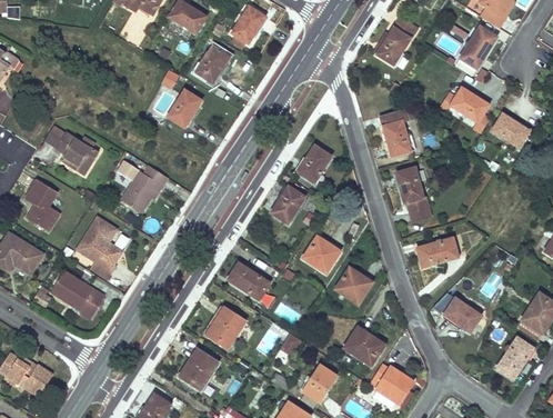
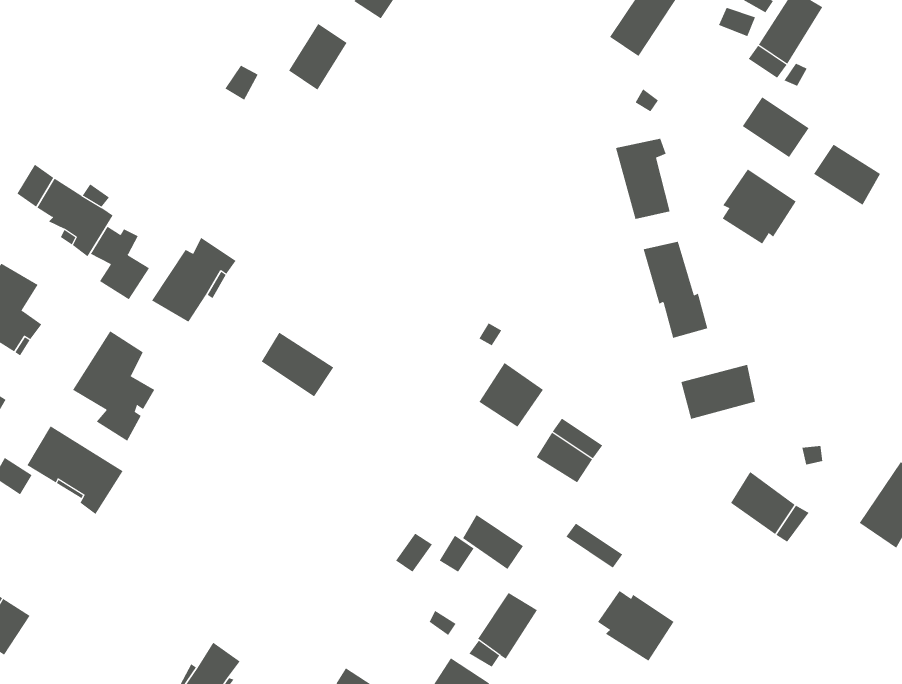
building: [169,89,202,126] -> none
building: none -> [722,169,796,244]
building: [298,145,332,181] -> none
building: none -> [90,226,150,300]
building: [271,186,304,221] -> none
building: [229,261,270,298] -> [261,332,334,397]
building: [205,306,244,347] -> none
building: [344,332,379,364] -> [462,514,524,570]
building: [495,336,533,378] -> none
building: [179,347,218,388] -> none

